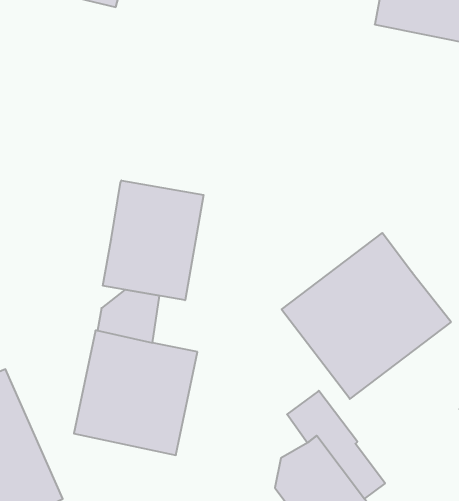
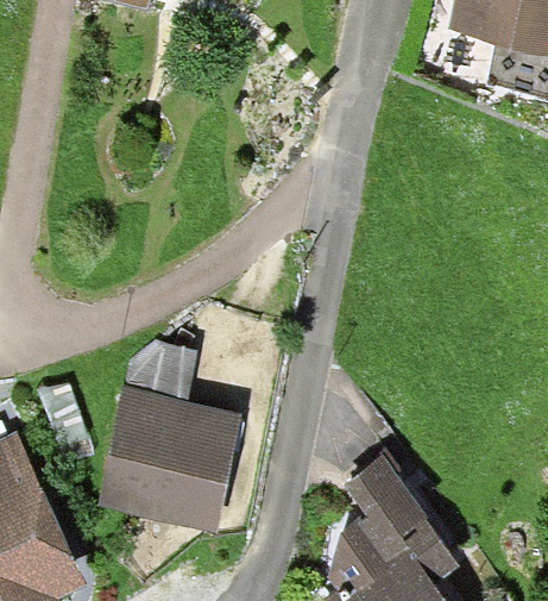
building: [103,180,204,300] -> none
building: [282,233,451,399] -> none

